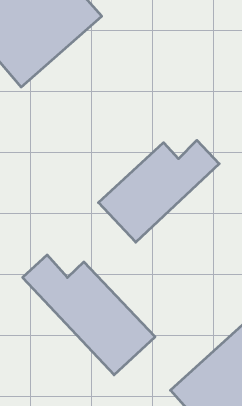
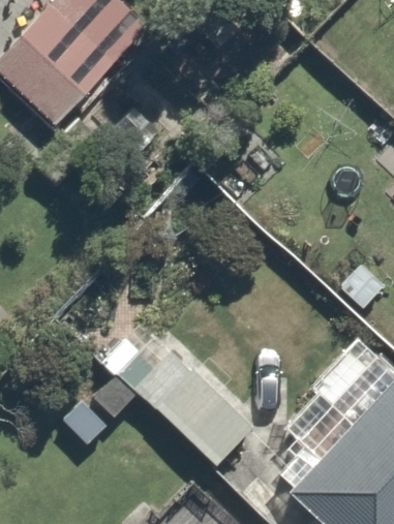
building: [98,140,219,242] -> none

